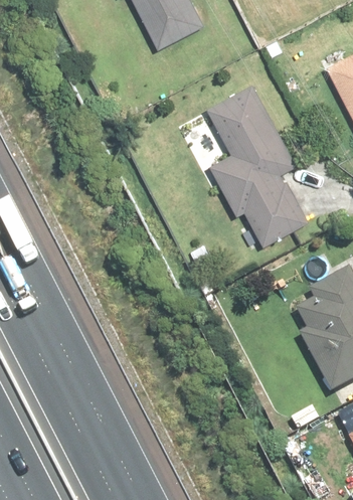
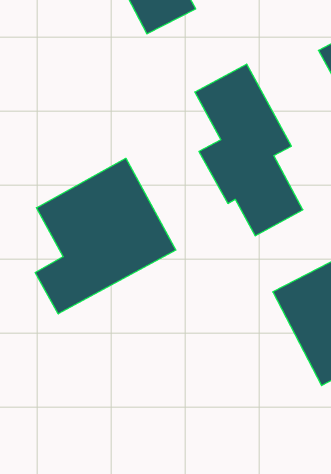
building: none -> [35,158,176,314]

